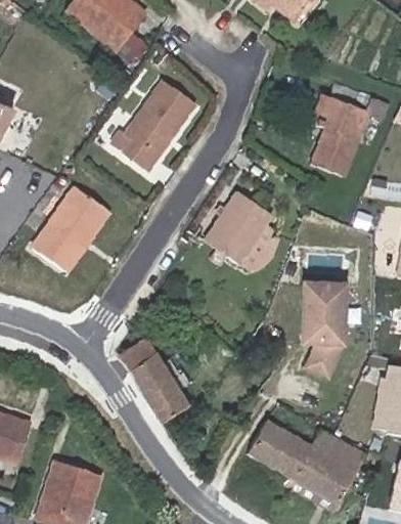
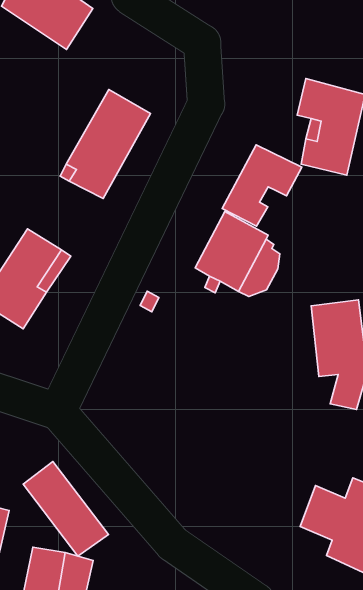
building: none -> [222,145,302,226]
building: [121,341,187,422] -> [23,461,109,556]
building: [247,417,292,468] -> none

